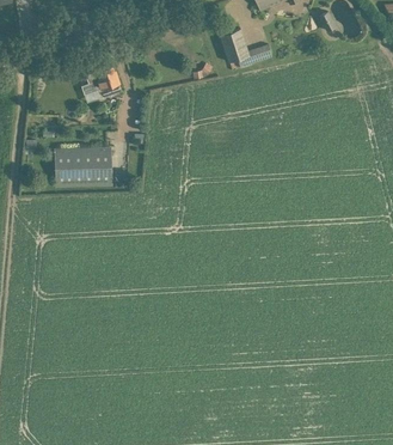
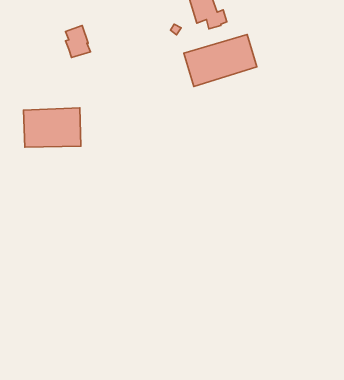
building: none -> [184,34,257,86]

